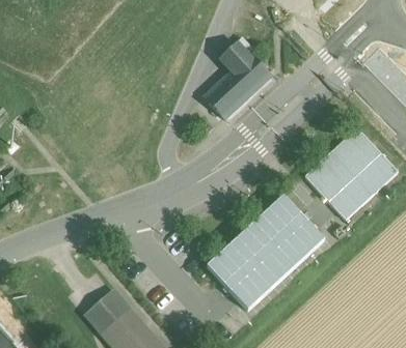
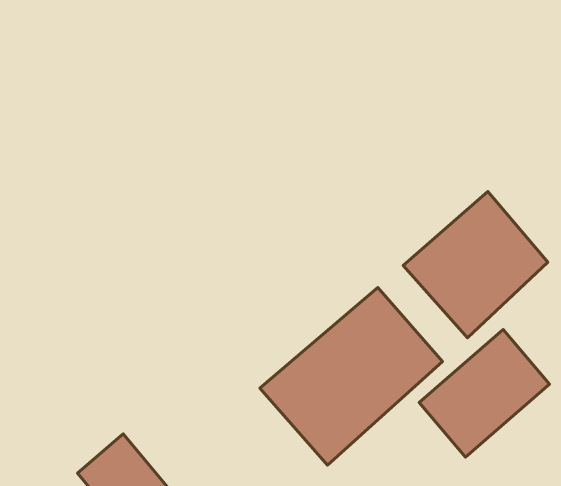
building: [206,36,272,112] -> none
building: none -> [419,330,549,457]

